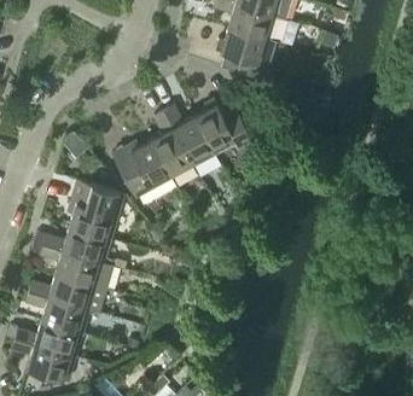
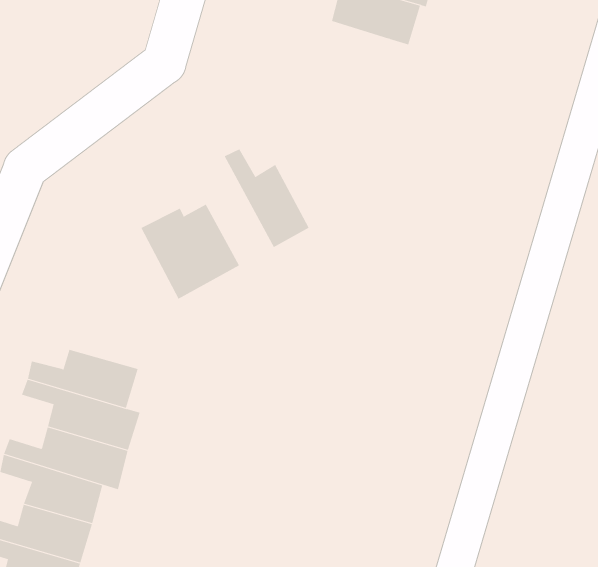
building: [214,28,274,81] -> none
building: [193,99,256,153] -> none
building: [151,110,192,176] -> none
building: [65,188,117,239] -> none

